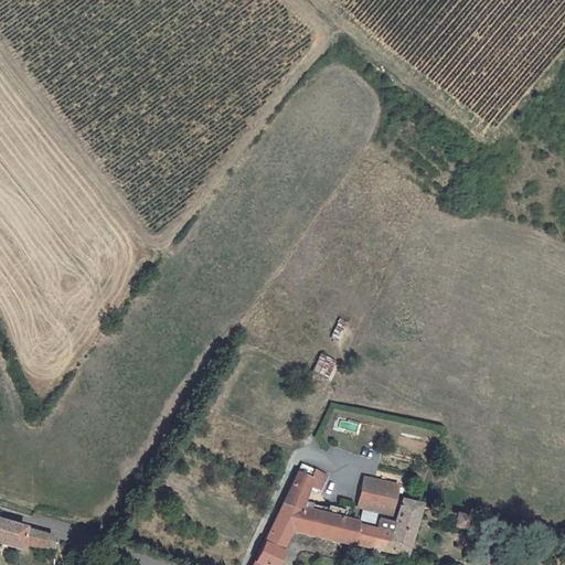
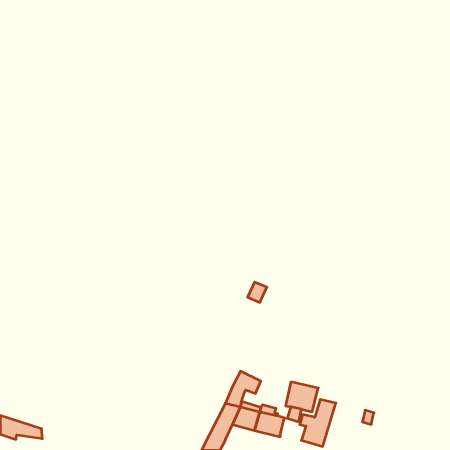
building: [352,524,384,550] -> none

